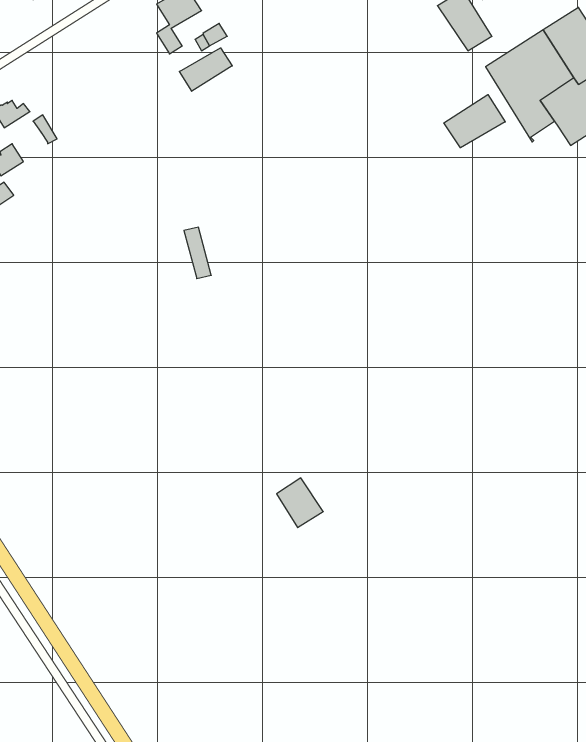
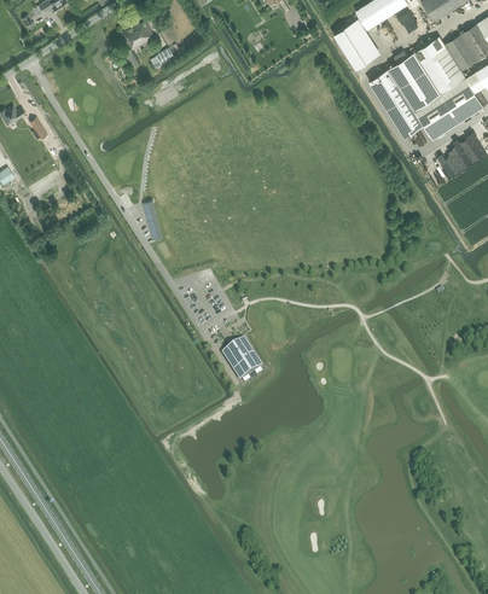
building: [179,48,232,91] -> none
building: [444,95,505,148] -> none
building: [277,478,323,528] -> [225,339,260,377]

